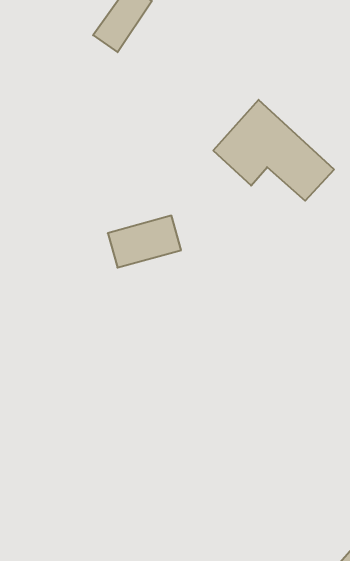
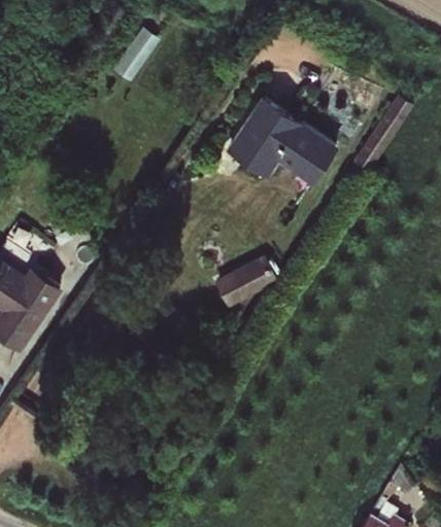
building: [108,216,181,268] -> [215,251,279,302]

